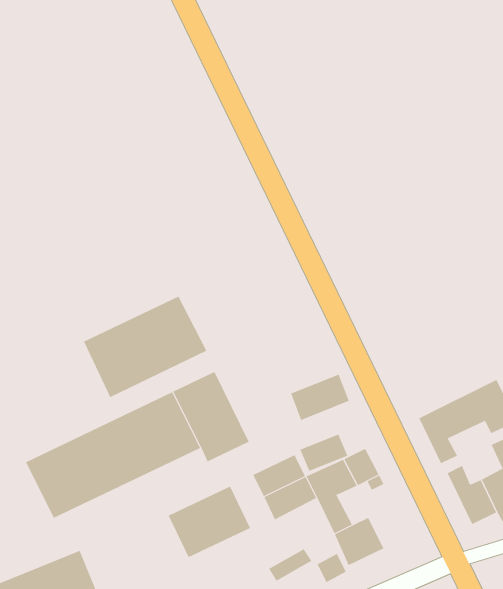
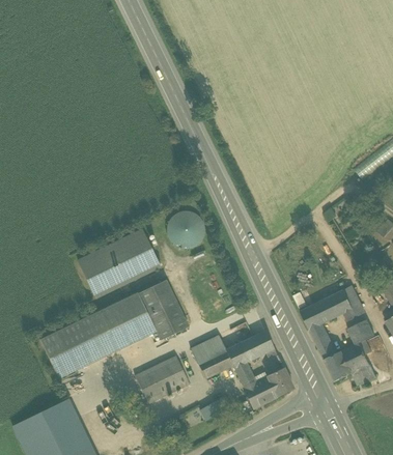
building: none -> [167,210,204,248]
building: [290,374,349,421] -> none
building: none -> [266,368,293,397]

